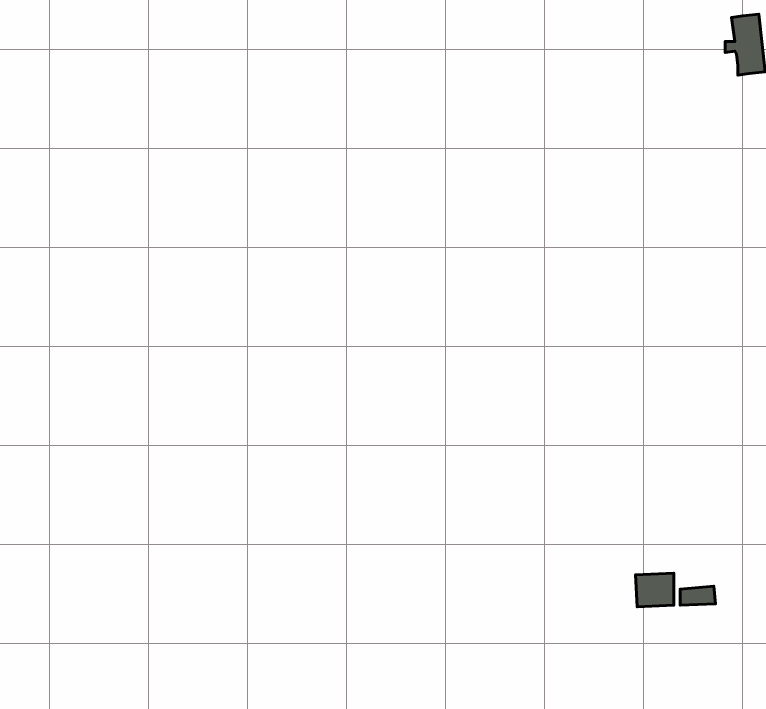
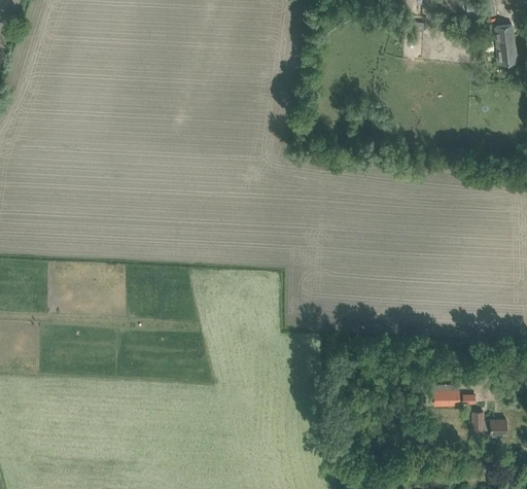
building: none -> [476,414,507,435]

